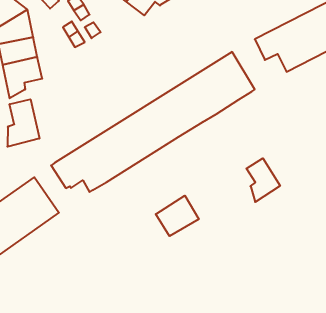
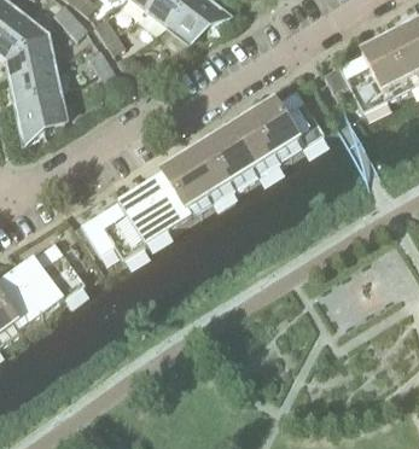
building: [7,99,39,147] -> none
building: [246,158,280,202] -> none
building: [156,196,199,236] -> none

